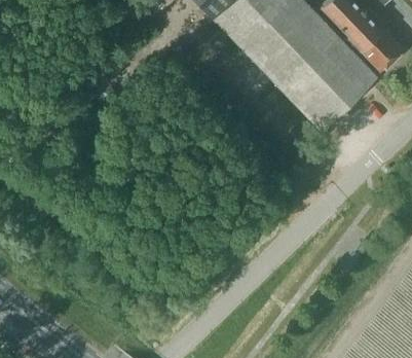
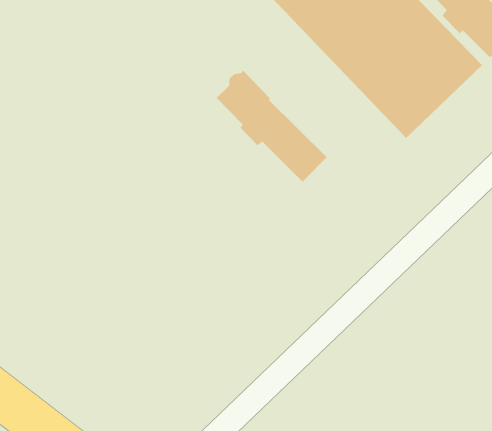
building: none -> [216,70,327,183]

